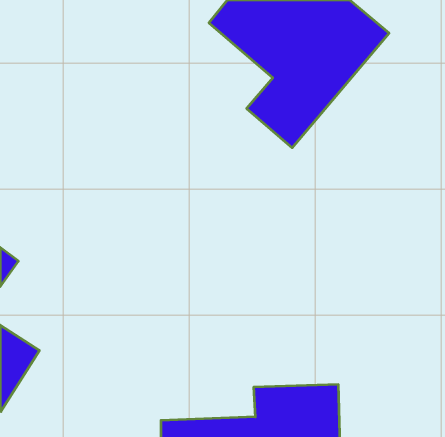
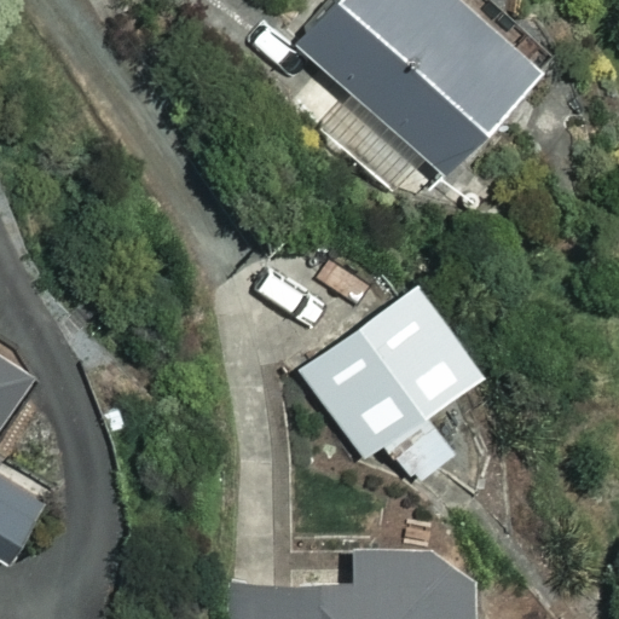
building: none -> [295,278,486,486]

